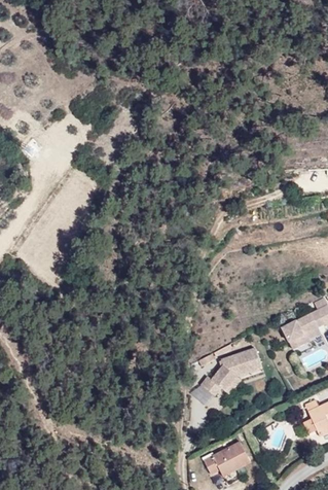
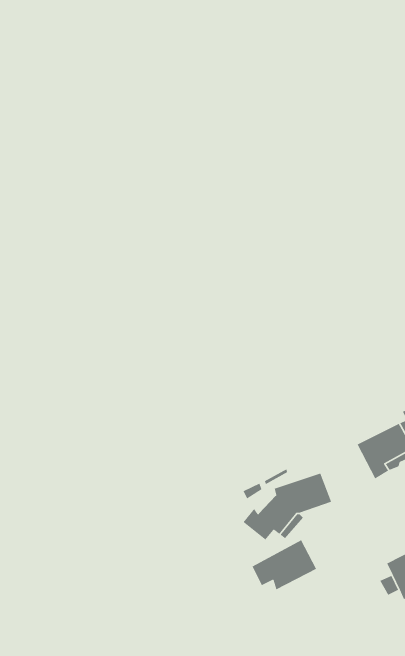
building: [208,437,255,475] -> [252,539,317,590]

